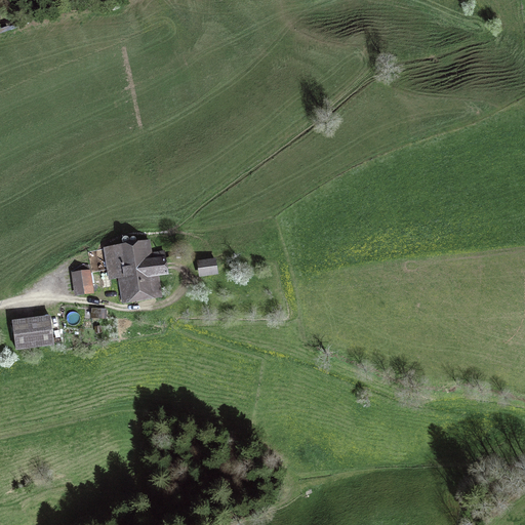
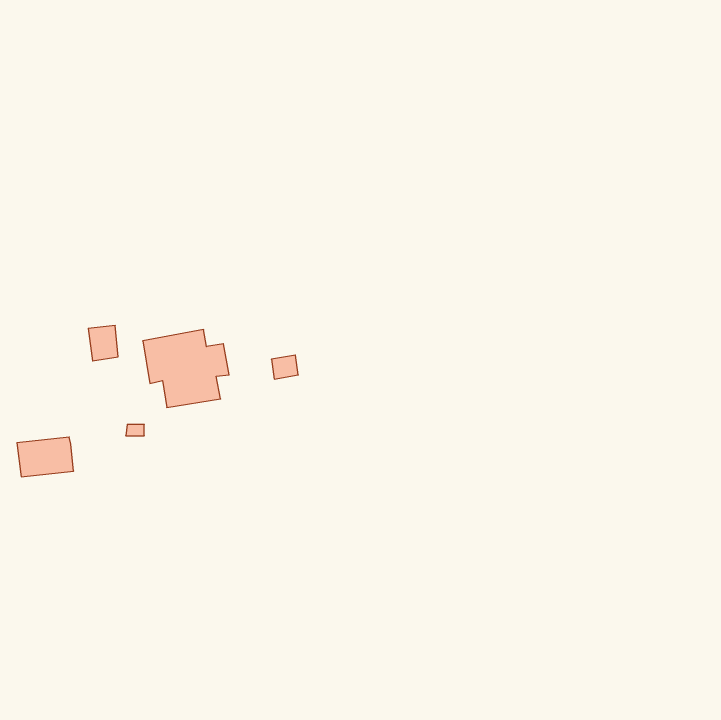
building: [71,270,92,295] -> [88,326,118,361]

